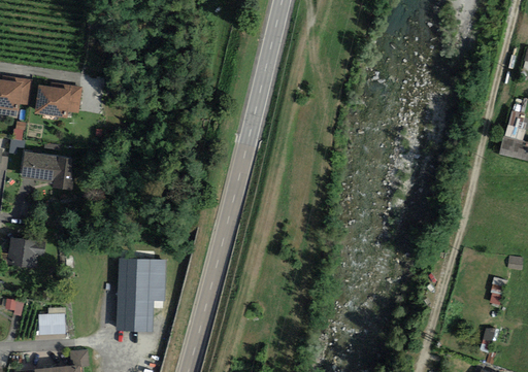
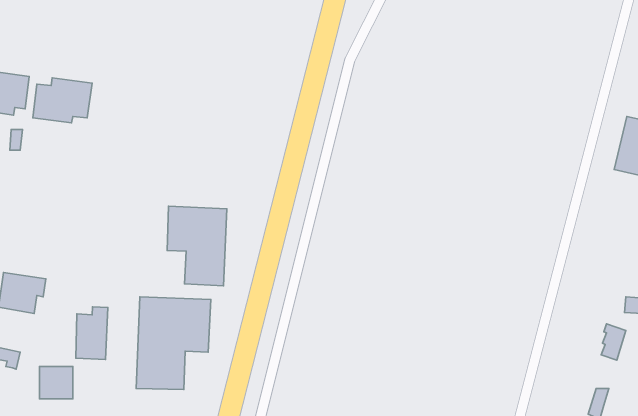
building: [20,149,72,189] -> none
building: none -> [167,206,227,286]
building: none -> [76,307,108,359]

